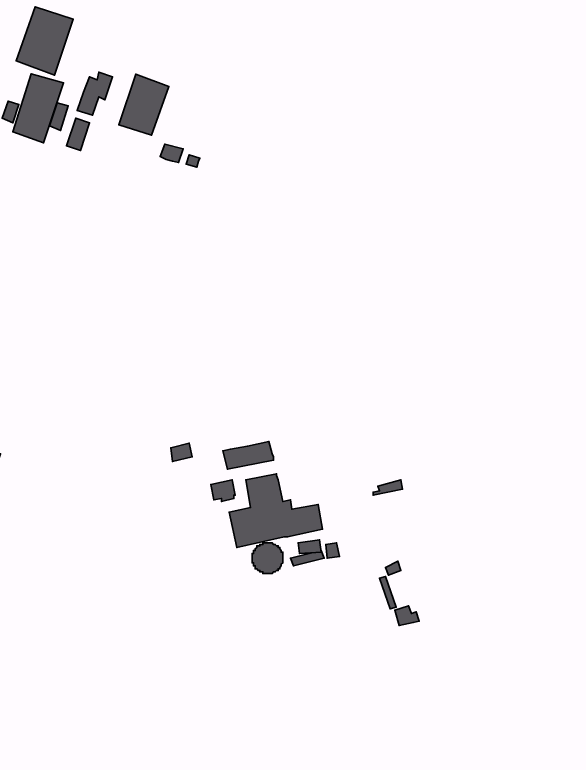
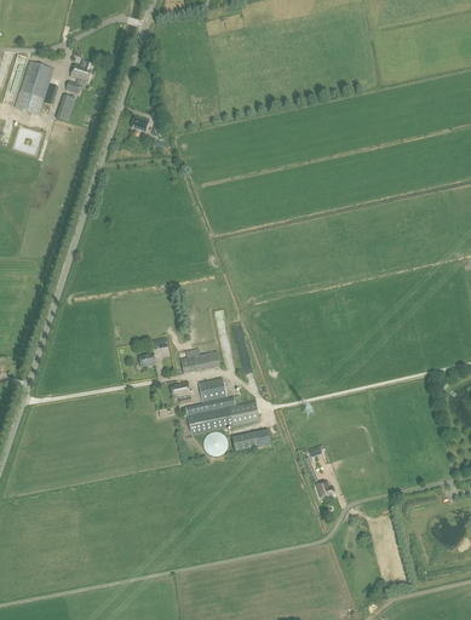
building: [16,7,73,75] -> none
building: [119,74,169,135] -> none

